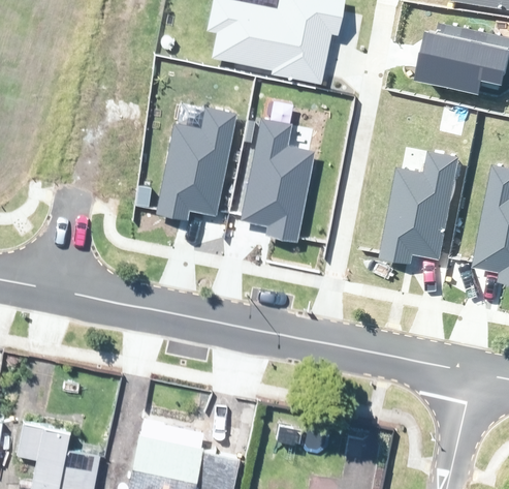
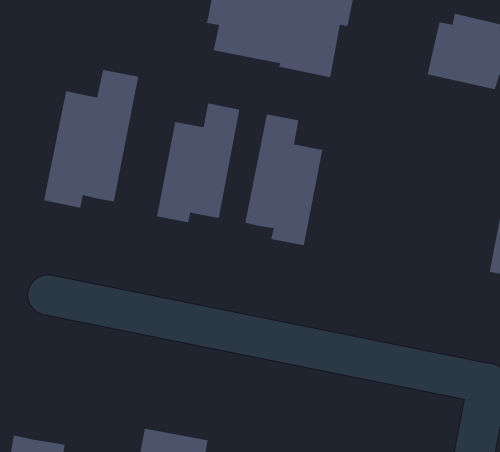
building: none -> [44,69,139,208]
building: [379,151,459,266] -> none

